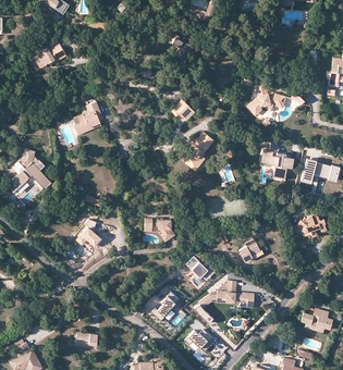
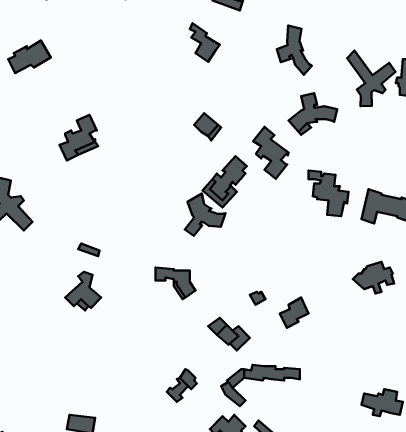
building: none -> [277,25,312,75]
building: none -> [347,50,396,106]
building: none -> [253,127,289,179]
building: none -> [185,193,225,236]

